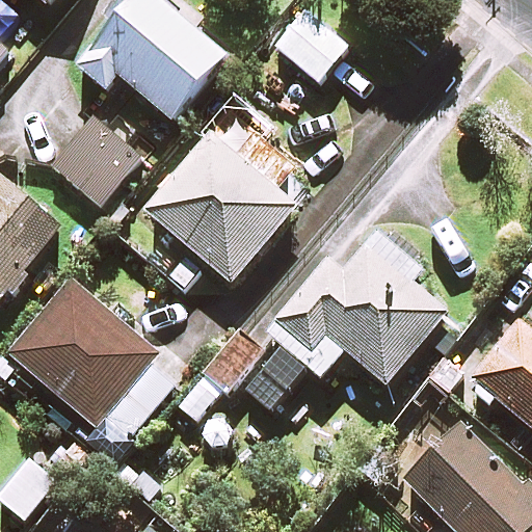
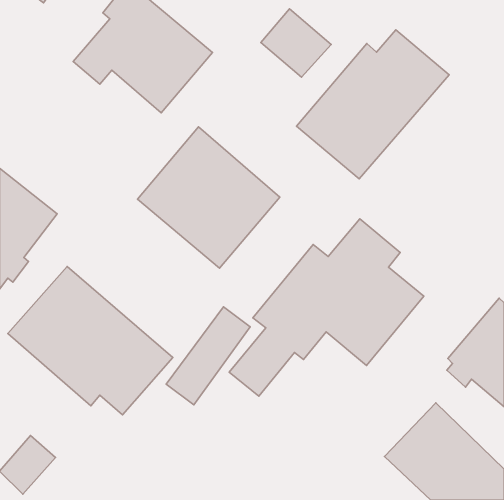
building: none -> [296,30,449,179]
building: [52,114,141,204] -> none

